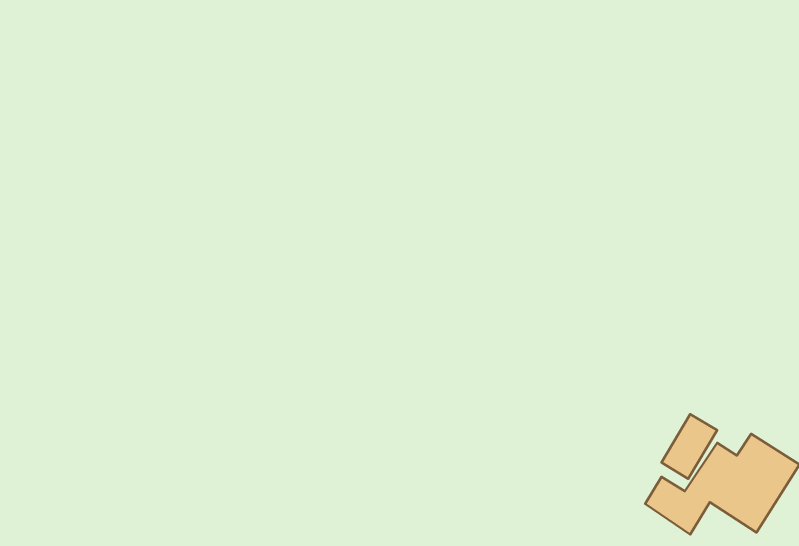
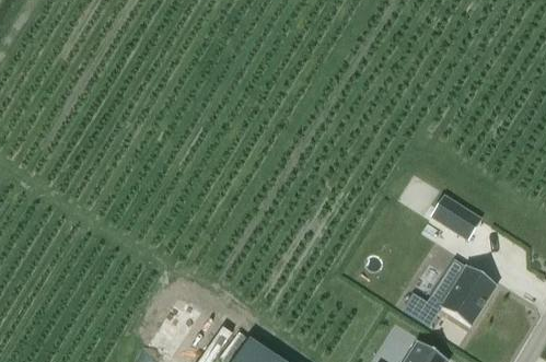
building: none -> [432,194,483,240]

